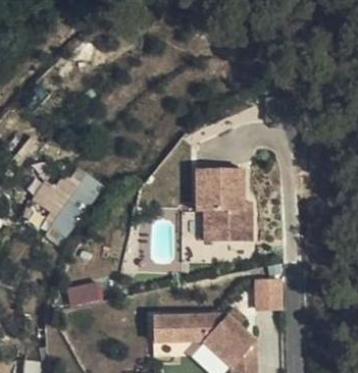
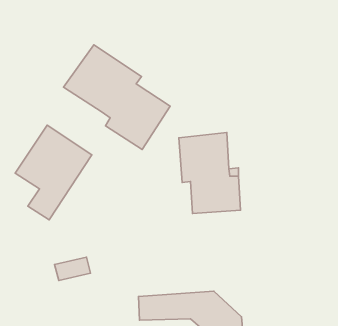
building: none -> [63,45,170,150]
building: [254,278,284,312] -> none

